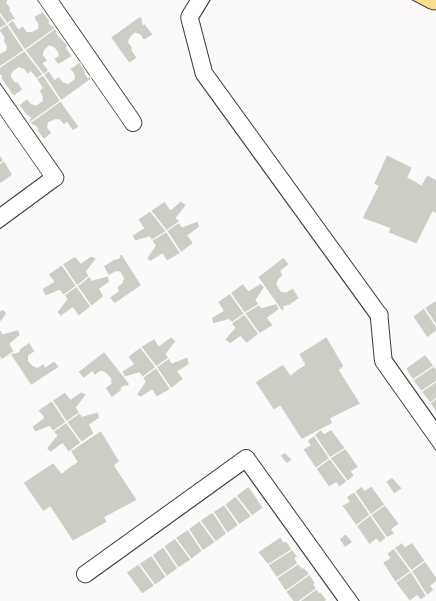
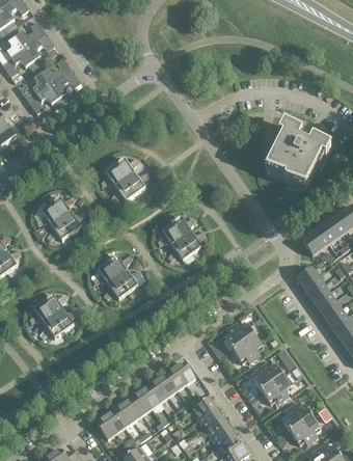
building: [110,16,154,64] -> [49,69,80,103]
building: [103,253,142,304] -> none
building: [257,257,300,312] -> none
building: [255,336,361,440] -> none
building: [10,342,60,386] -> none
building: [78,351,130,398] -> none
building: [23,430,138,541] -> none

